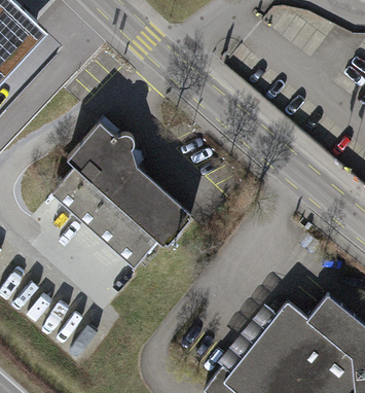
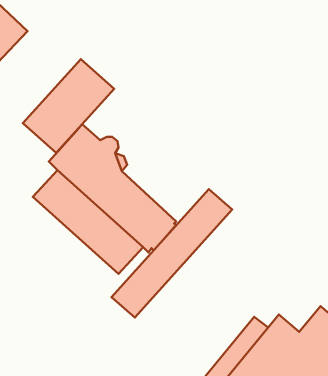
building: none -> [23,59,114,153]
building: none -> [112,189,232,318]

